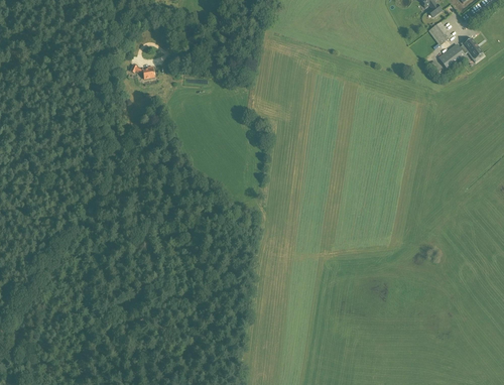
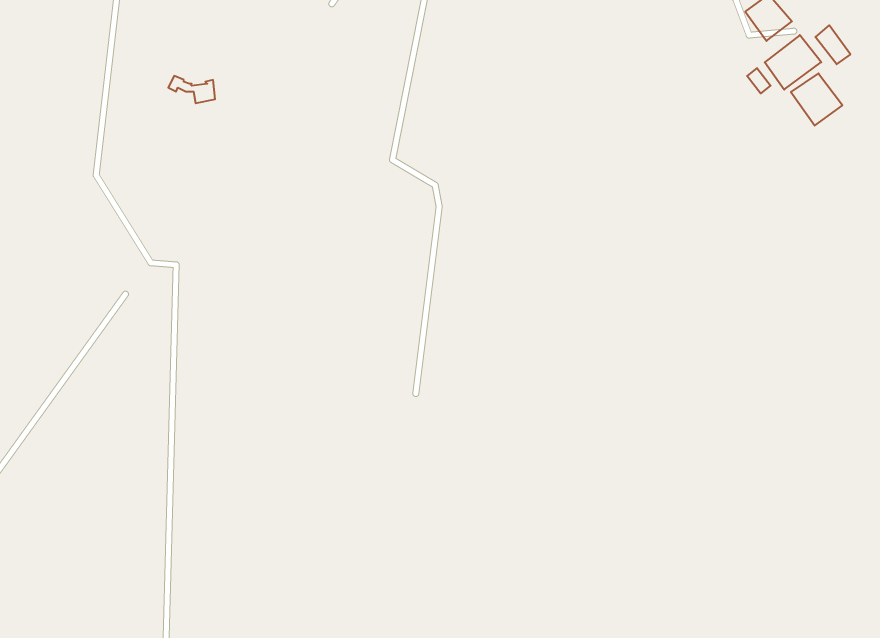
building: none -> [791,73,842,126]

